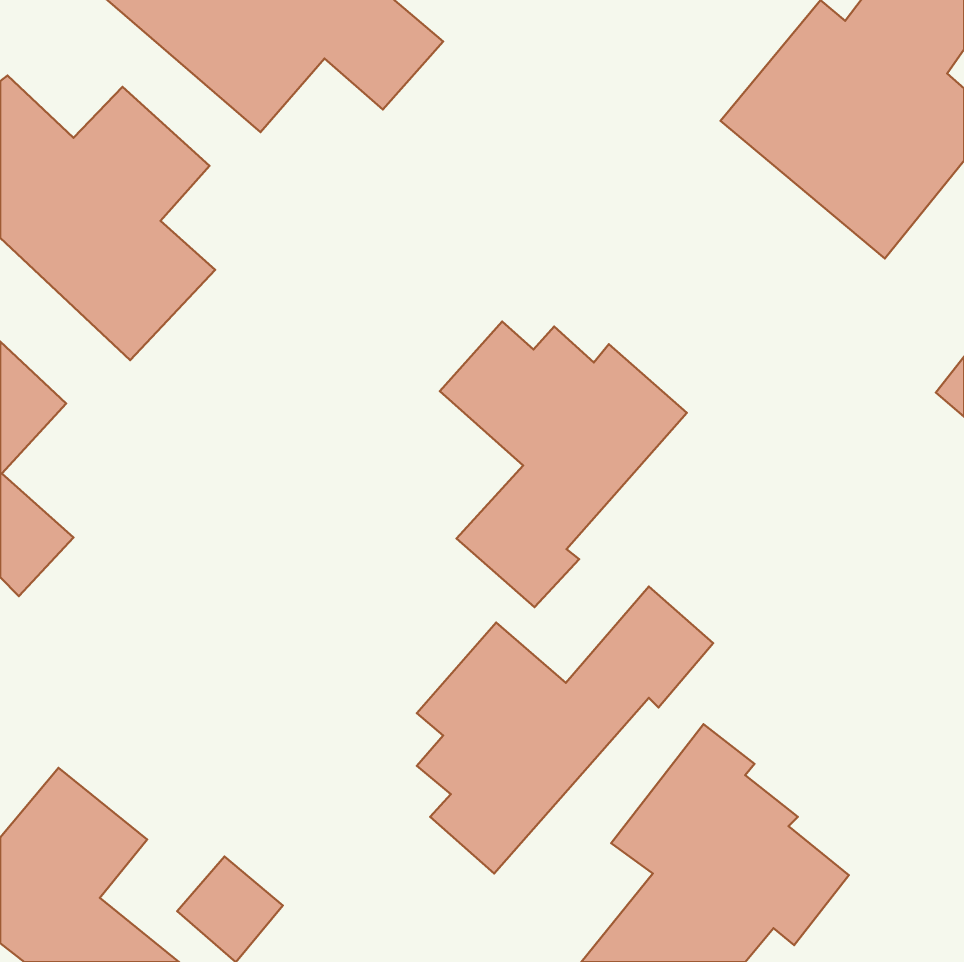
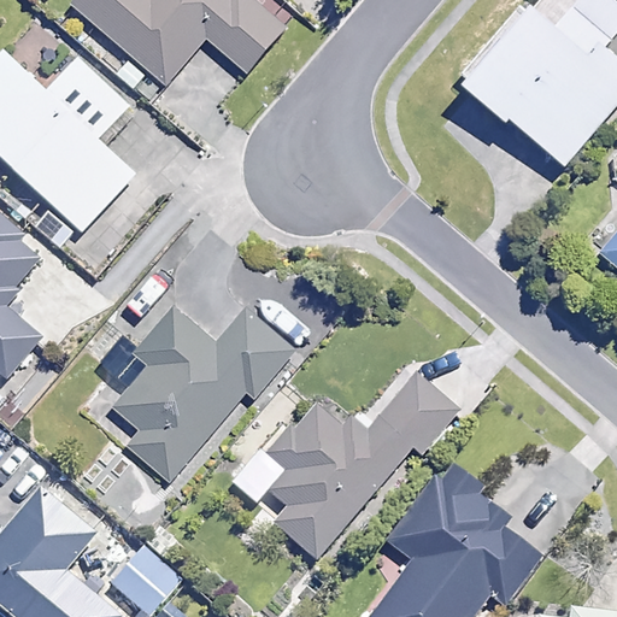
building: [440,321,687,607] -> none
building: none -> [86,306,294,482]

